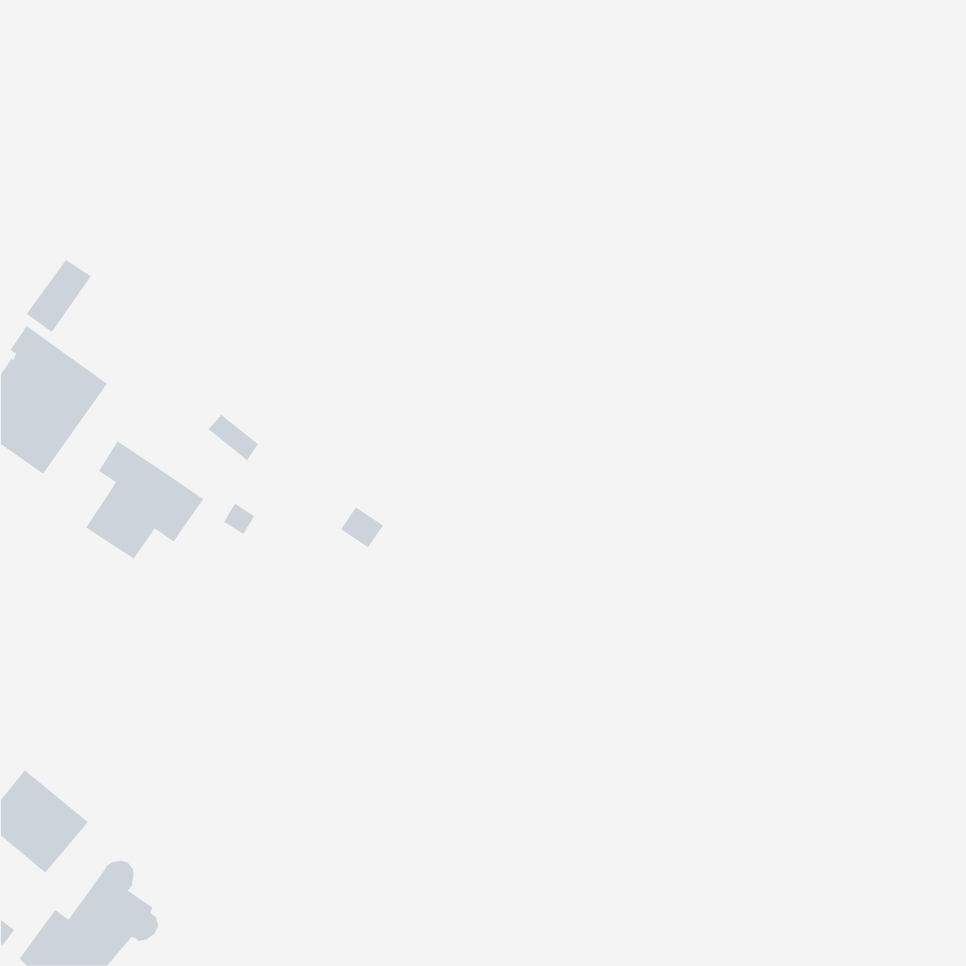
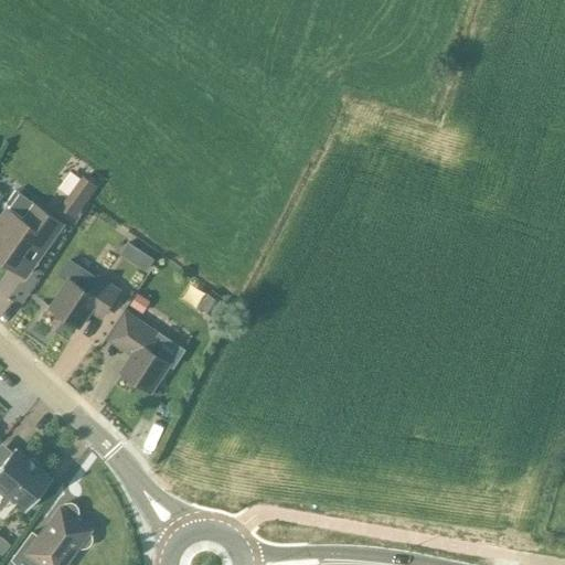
building: [26,259,92,333] -> [60,175,98,218]
building: none -> [119,320,169,392]

